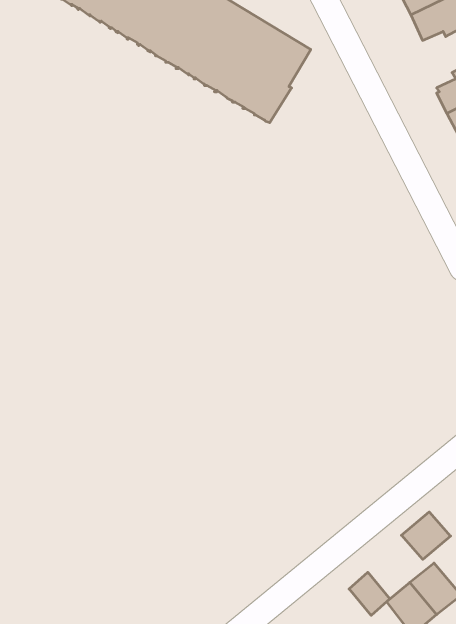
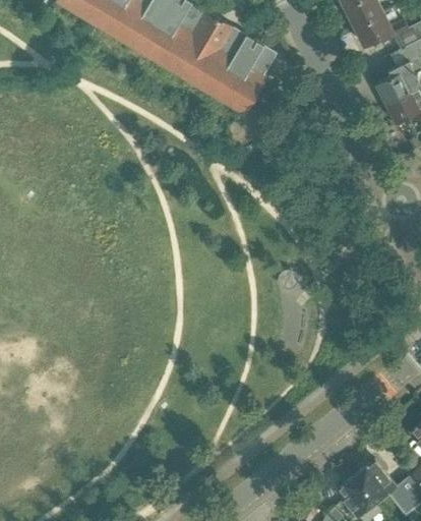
building: [401,512,451,559] -> none
building: [349,572,390,615] -> none

